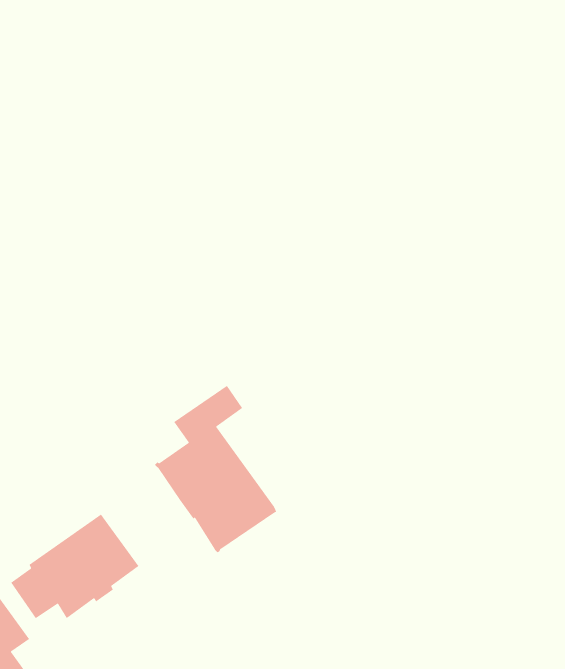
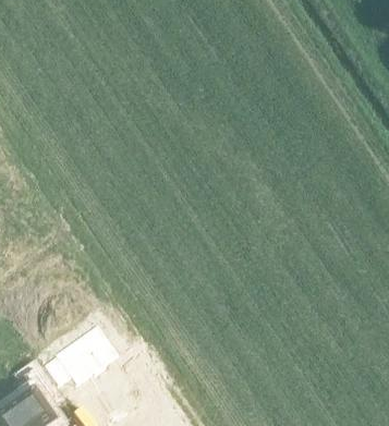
building: [154,385,277,553] -> none

